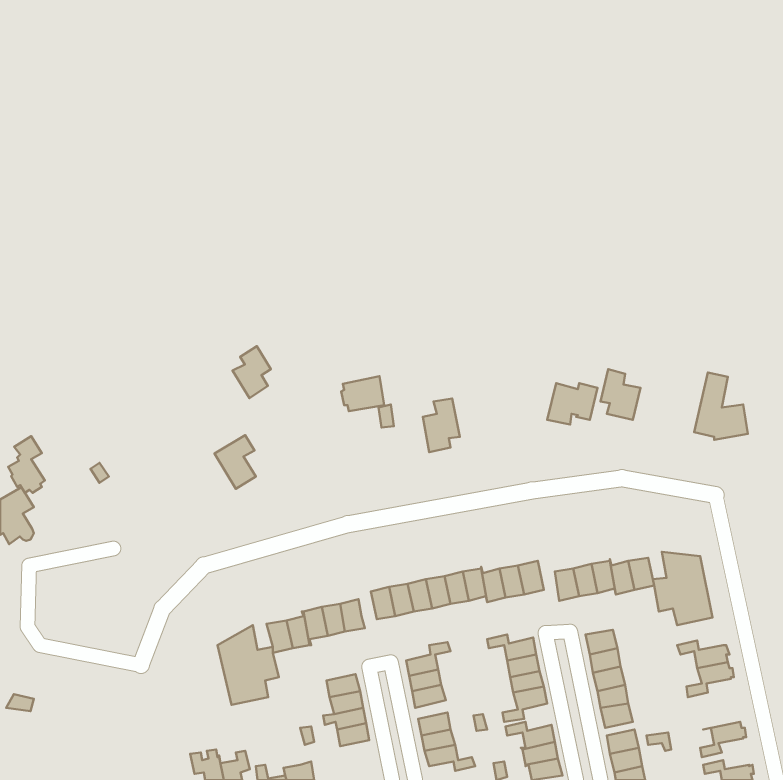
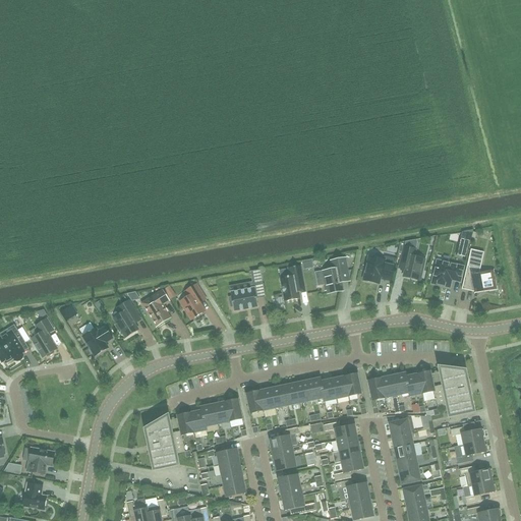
building: [232,346,271,398] -> [180,283,206,317]
building: [341,376,384,411] -> [229,286,257,309]
building: none -> [324,257,349,292]
building: none -> [432,259,463,285]
building: [8,436,45,493] -> [32,317,56,355]
building: none -> [113,299,140,336]
building: none -> [82,325,112,355]
building: none -> [27,447,55,473]
building: none -> [459,465,493,484]
building: none -> [23,482,47,509]

